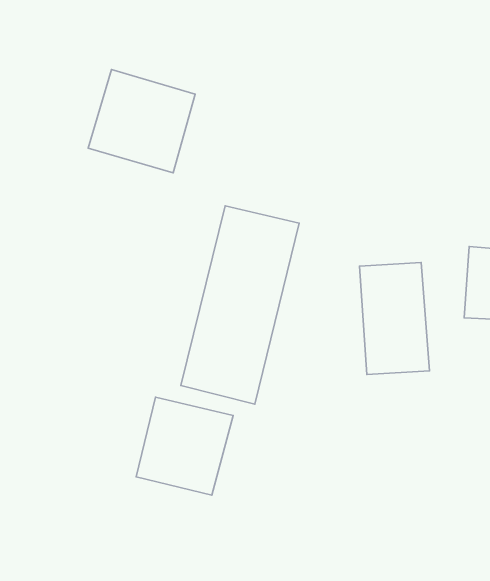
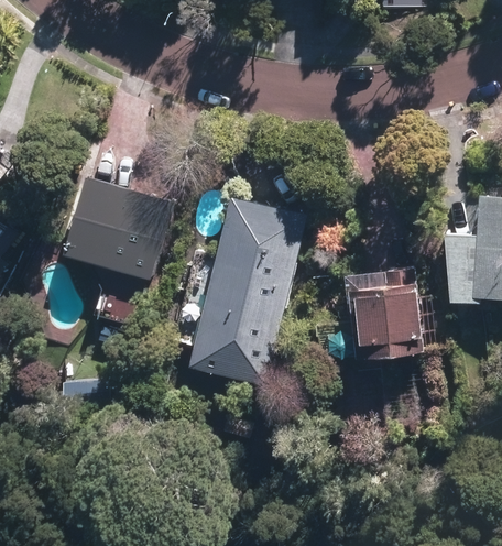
building: [88,70,195,173] -> [70,186,166,279]
building: [136,397,233,495] -> none

